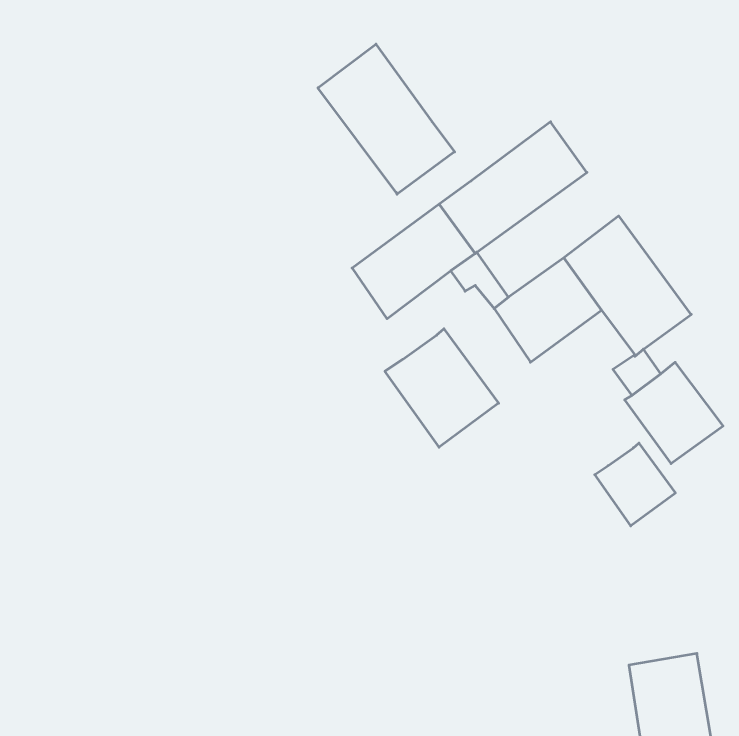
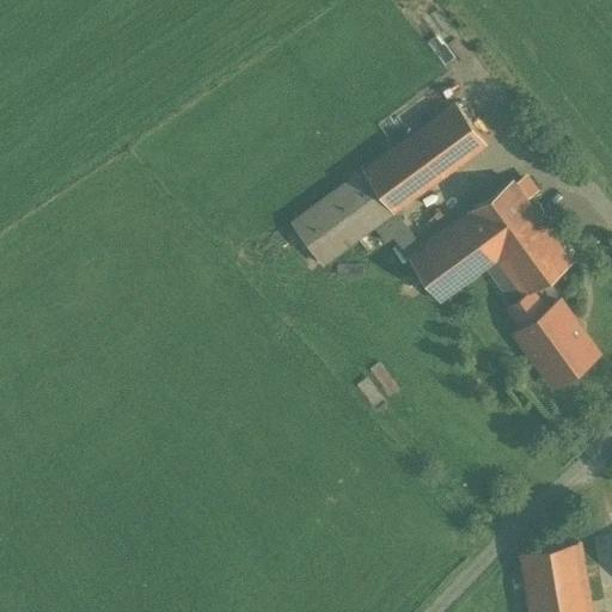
building: [318,44,455,194] -> none
building: [385,329,499,447] -> none
building: [595,443,675,526] -> none

